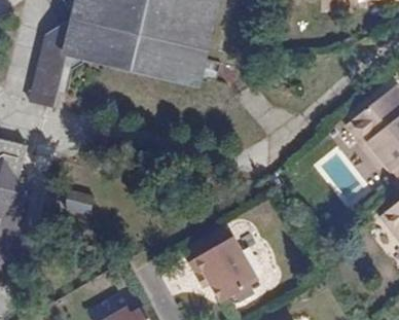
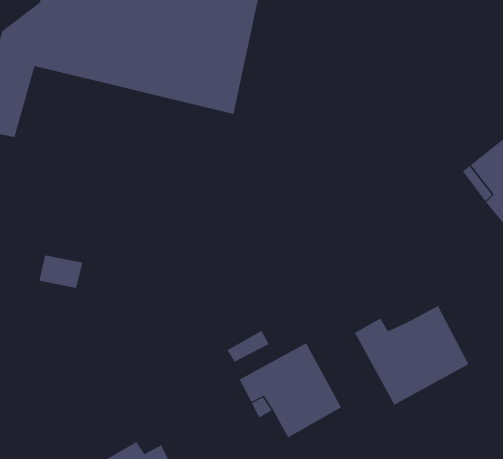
building: none -> [354,305,469,405]

